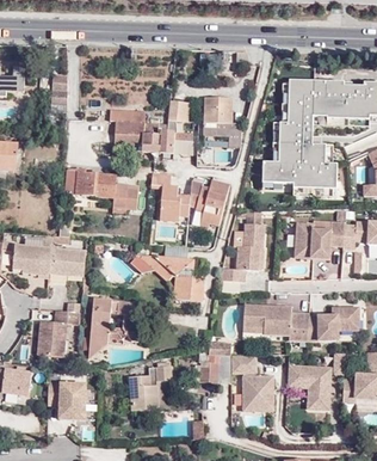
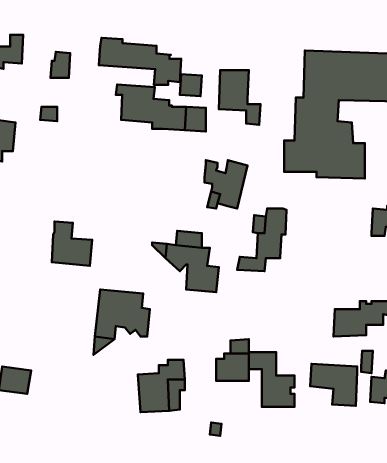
building: [63,167,138,210] -> [99,38,181,85]
building: [150,171,190,221] -> none
building: [296,221,345,258] -> none
building: [13,245,51,275] -> none
building: [243,303,309,340] -> none
building: [39,309,81,356] -> none
building: [47,382,86,419] -> none

